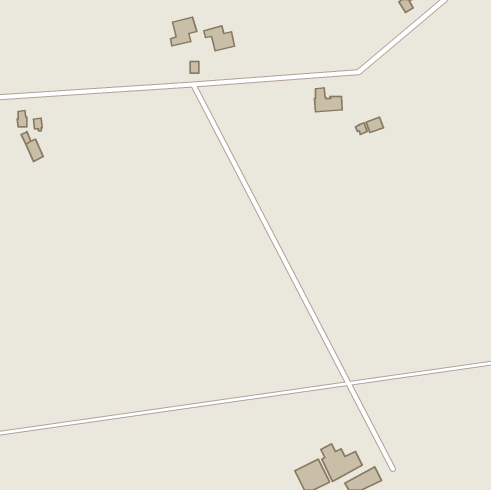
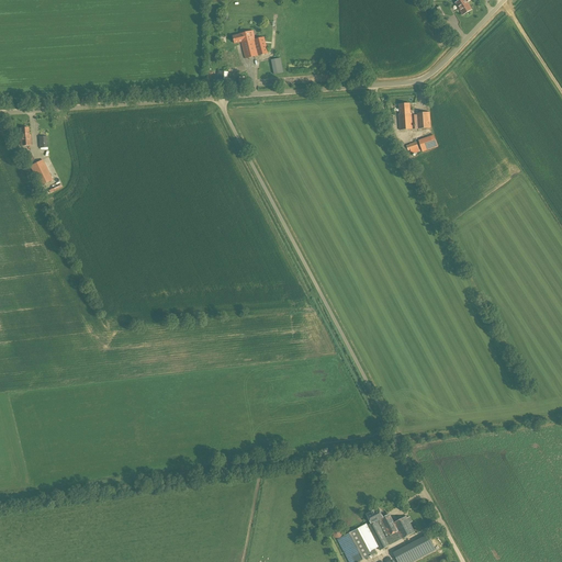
building: [170,17,197,46] -> none
building: [314,88,342,112] -> [398,102,430,130]

